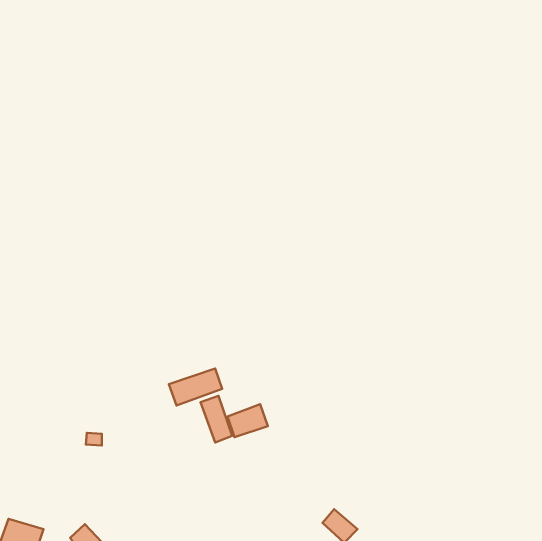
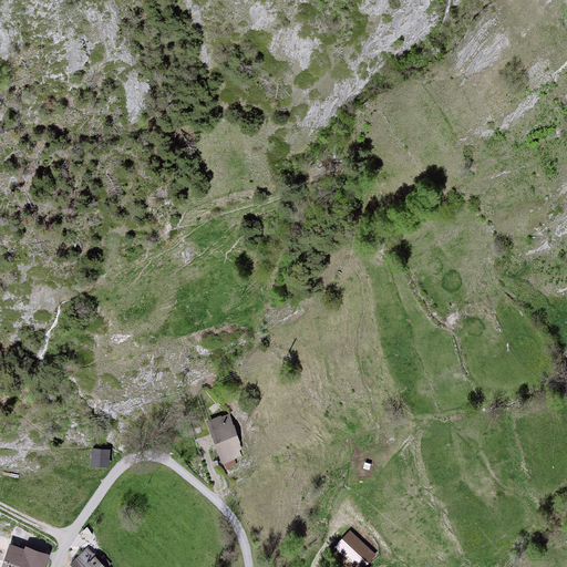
building: [169,368,222,406] -> none
building: [228,404,268,437] -> none

